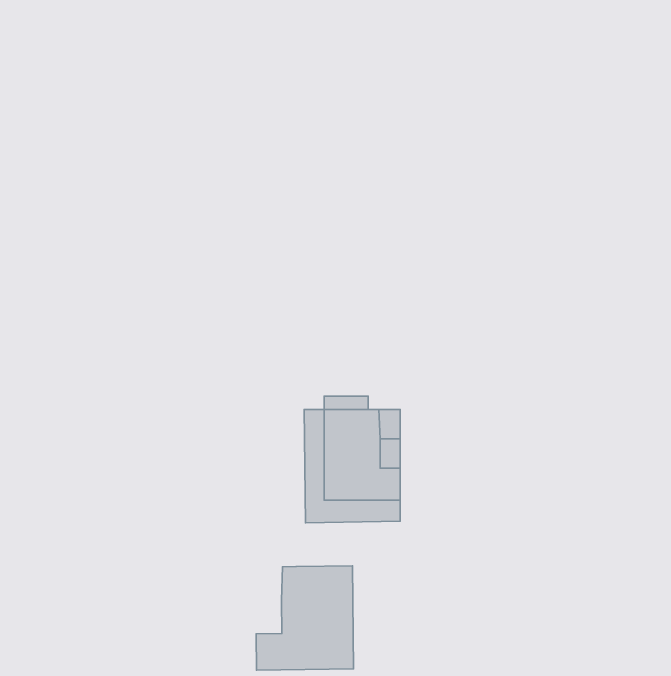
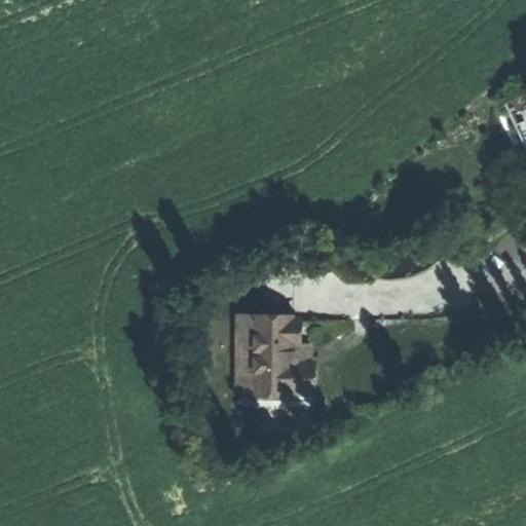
building: [256,566,354,670] -> none

